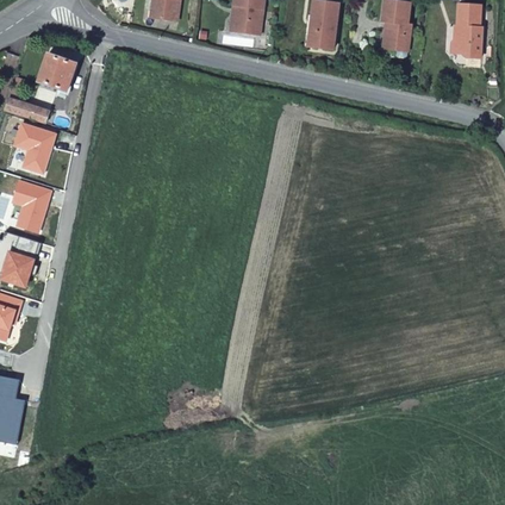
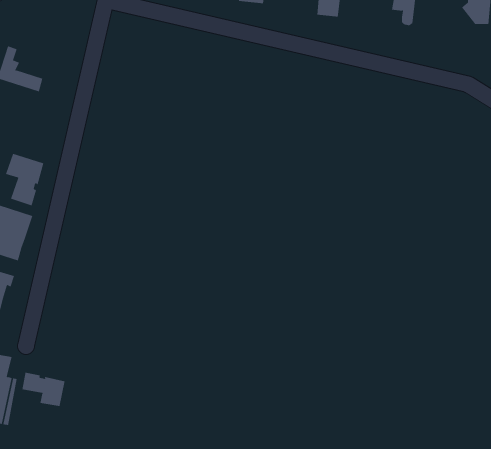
building: [36,52,75,92] -> none
building: [14,123,54,172] -> none
building: none -> [22,372,65,407]

